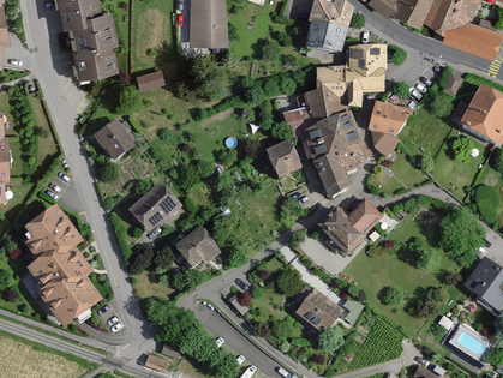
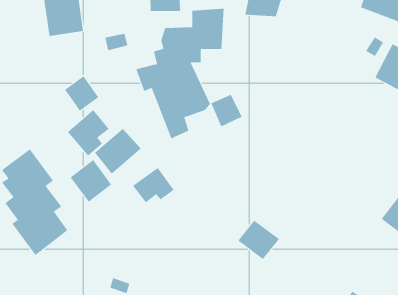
building: [285,46,388,198] -> [136,8,224,139]
building: [370,107,417,140] -> none
building: none -> [67,109,109,157]
building: [319,196,381,256] -> none
building: none -> [70,159,112,203]

